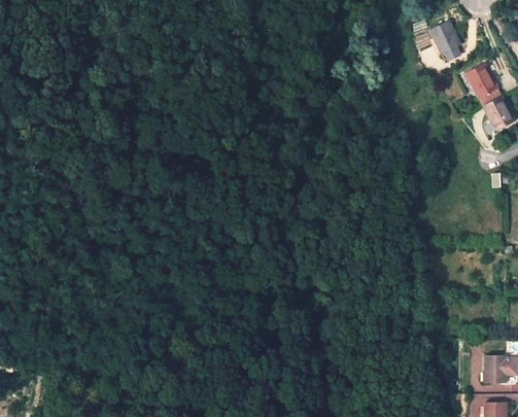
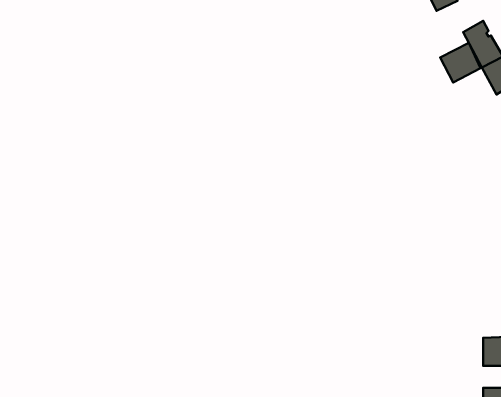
building: none -> [440,43,480,83]

